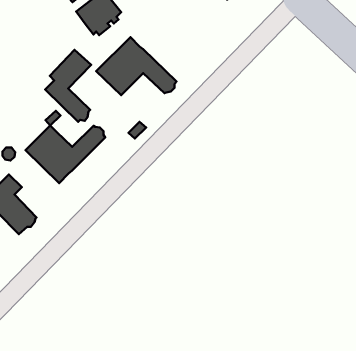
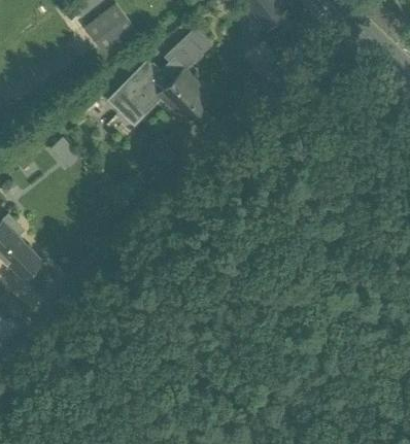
building: [45,50,91,122] -> [162,27,213,107]
building: [25,126,105,183] -> none

